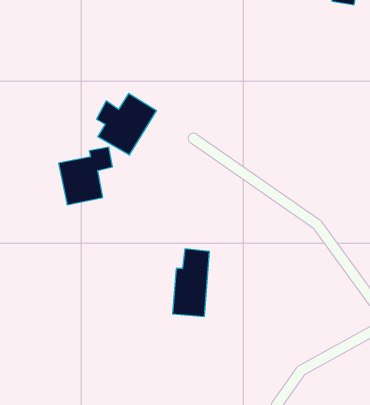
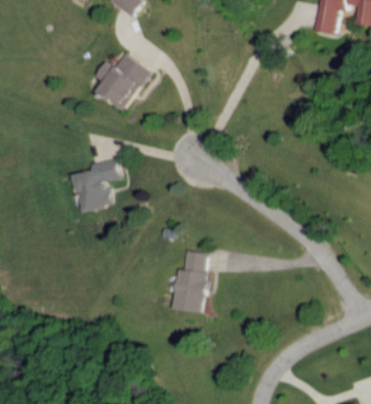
building: [97,94,157,155] -> [94,55,148,109]

